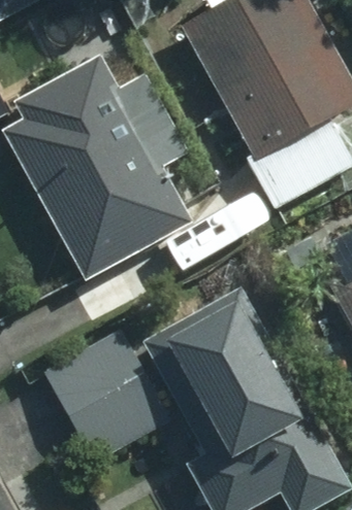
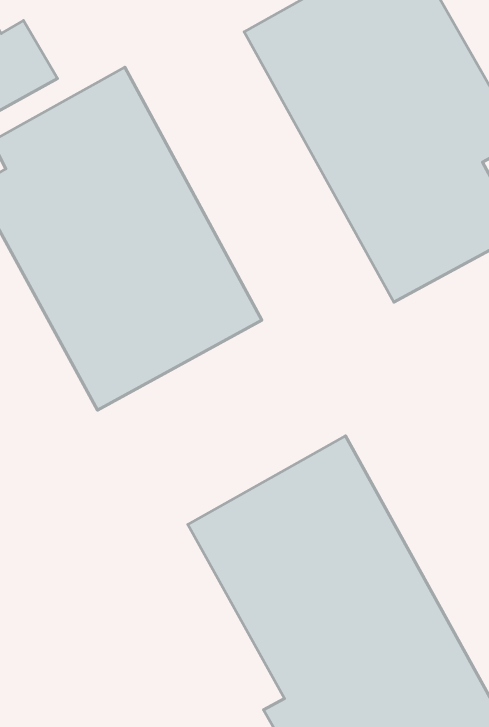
building: [44,331,172,458] -> none

